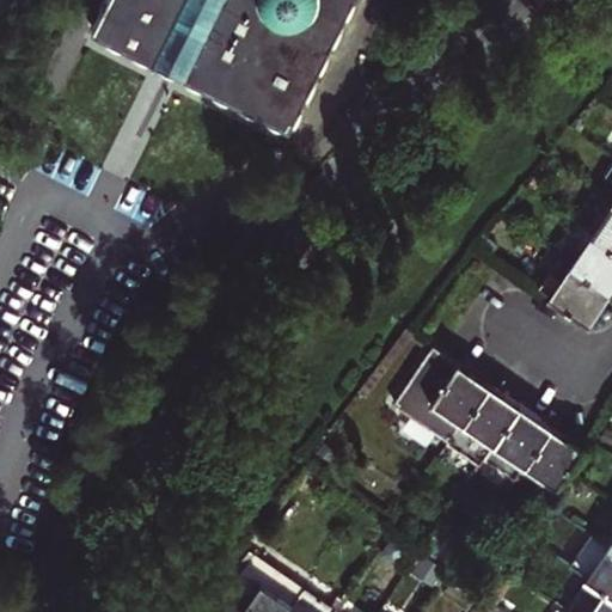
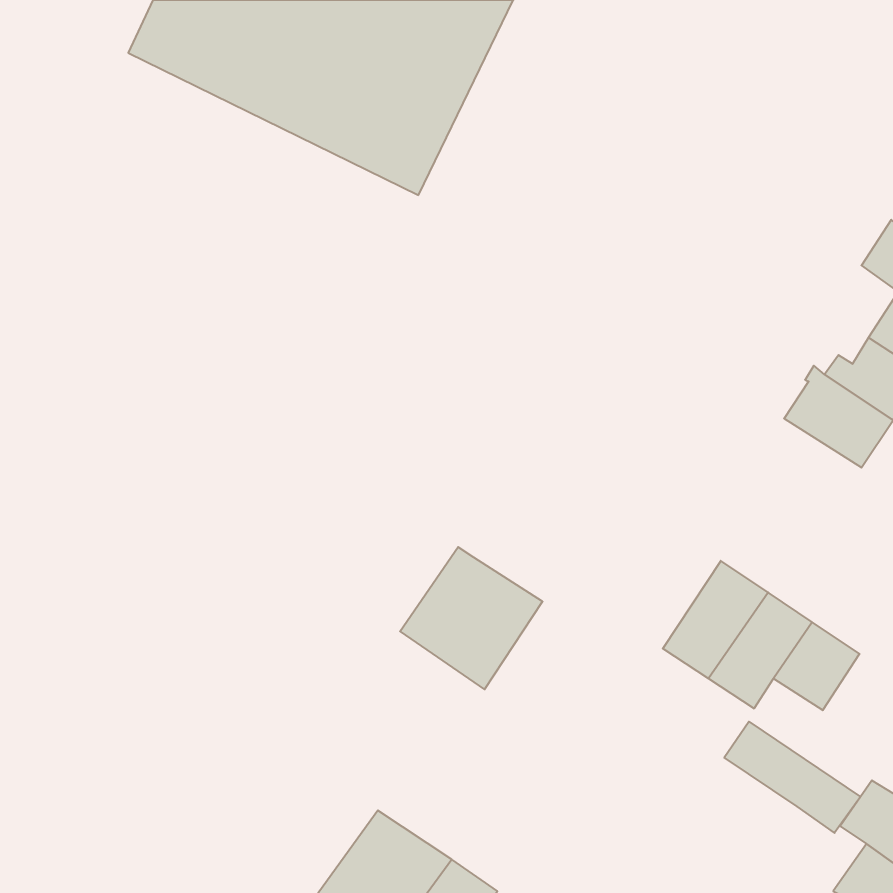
building: [397,348,494,445] -> [400,547,543,689]
building: none -> [724,722,861,833]

